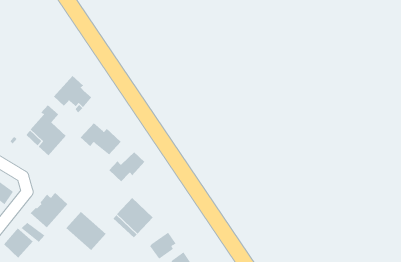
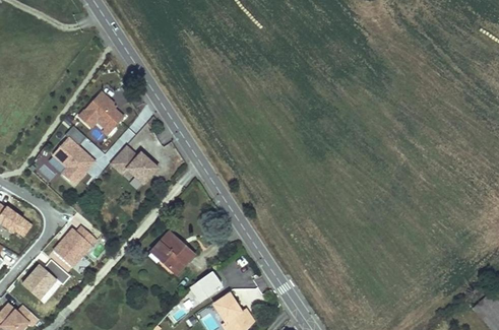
building: [108,151,145,182] -> none
building: [66,211,107,251] -> none

